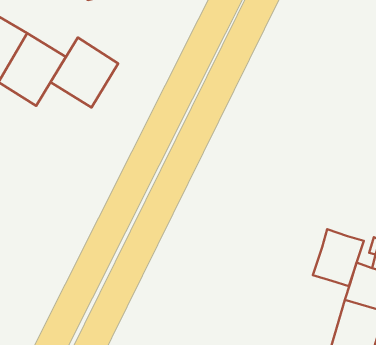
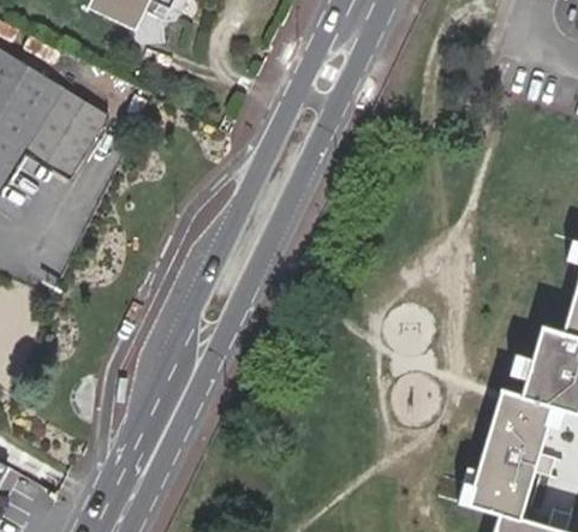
building: [50,38,118,107] -> none
building: [313,229,364,286] -> none

